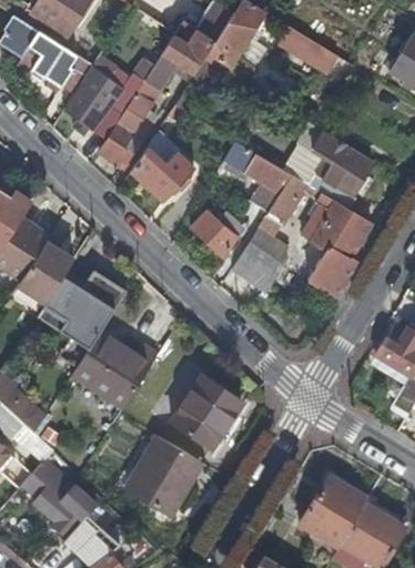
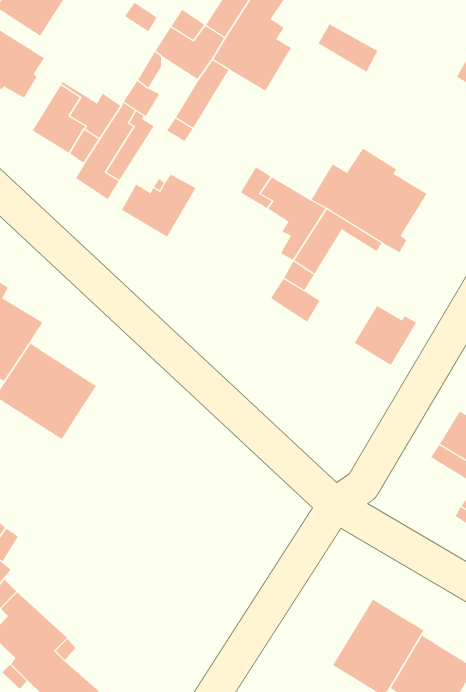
building: [311,200,372,258] -> none
building: [192,207,242,255] -> none
building: [233,242,284,290] -> none
building: [73,332,161,408] -> none
building: [179,379,245,448] -> none
building: [126,434,203,514] -> none

